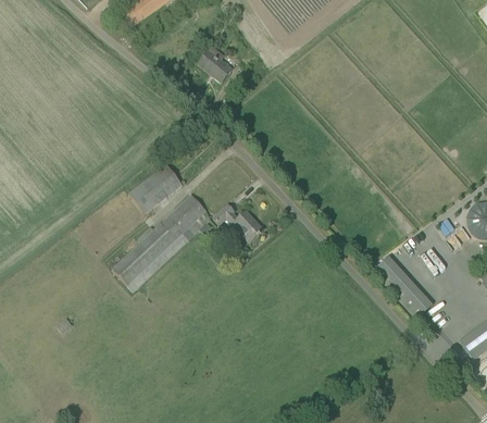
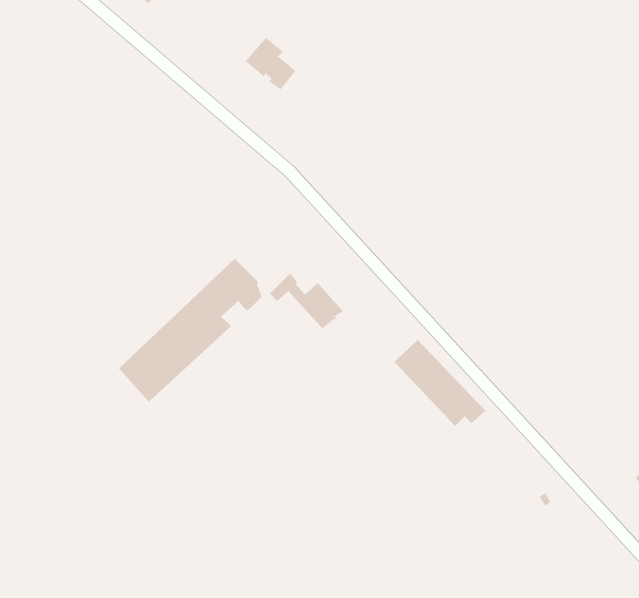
building: [128,163,183,211] -> none
building: [371,254,433,313] -> [394,339,486,427]

